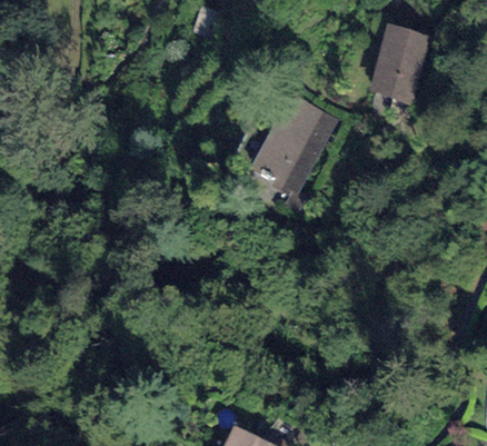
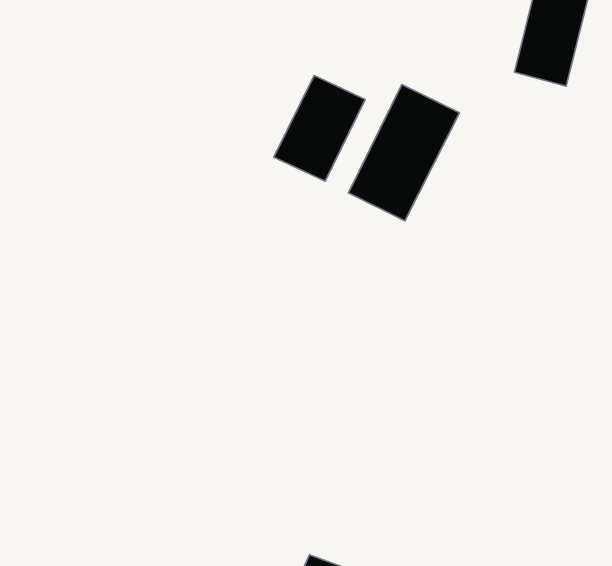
building: none -> [274,76,365,181]

